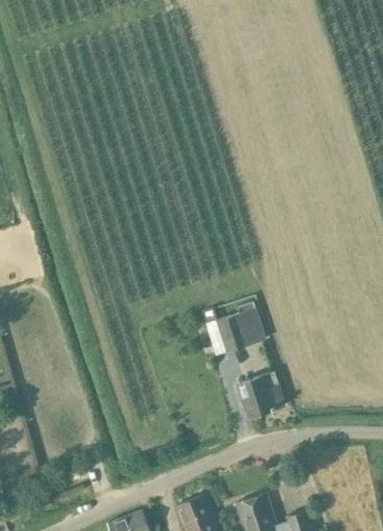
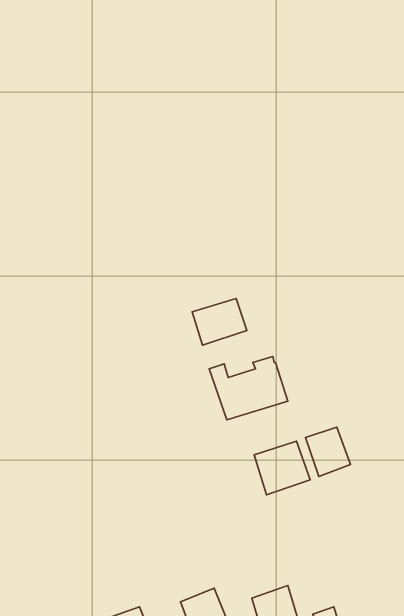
building: none -> [192,299,247,345]
building: none -> [305,427,351,477]

